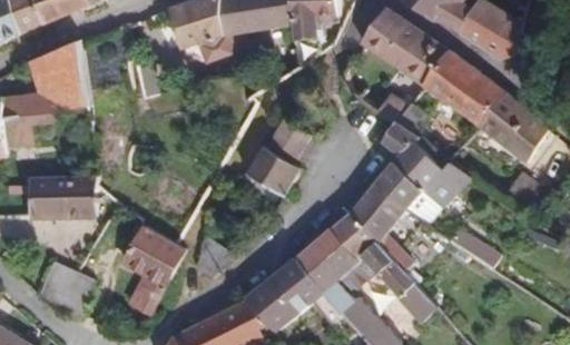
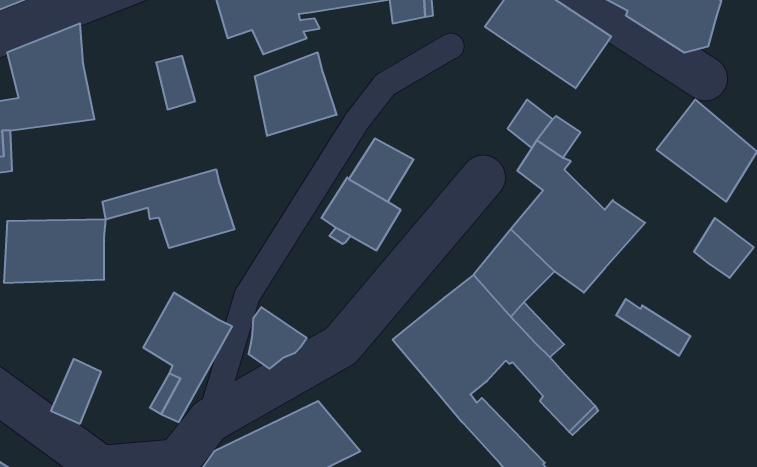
building: [421,49,503,127] -> none
building: none -> [255,52,337,136]
building: none -> [103,169,235,248]
building: [244,257,343,334] -> none
building: [36,260,76,306] -> none

